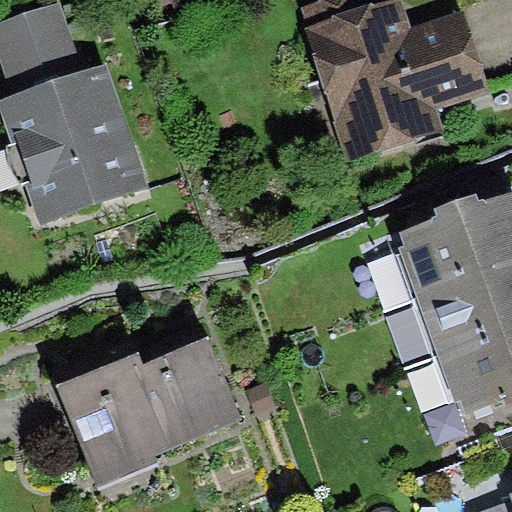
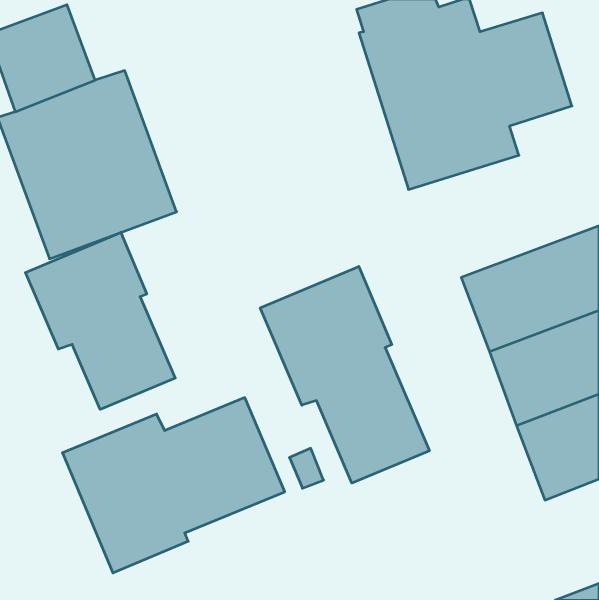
building: none -> [25,232,175,409]
building: none -> [260,266,429,483]

